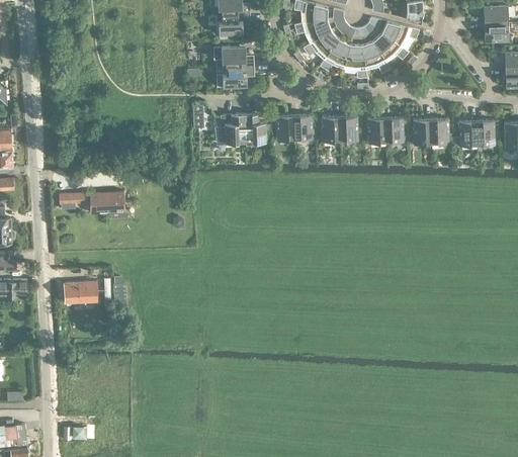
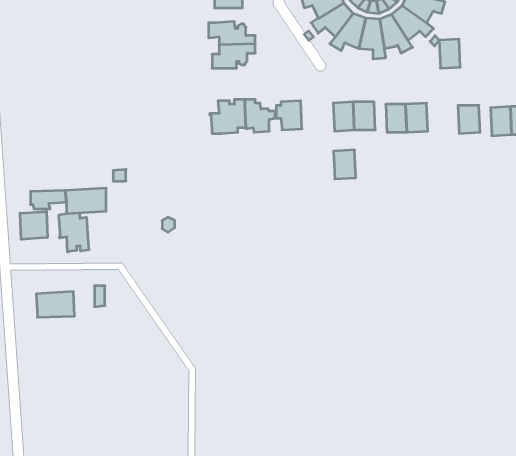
building: [292,114,312,140] -> [334,150,356,179]
building: [412,119,430,145] -> [439,39,460,68]
building: none -> [20,211,47,239]
building: none -> [59,213,89,252]

